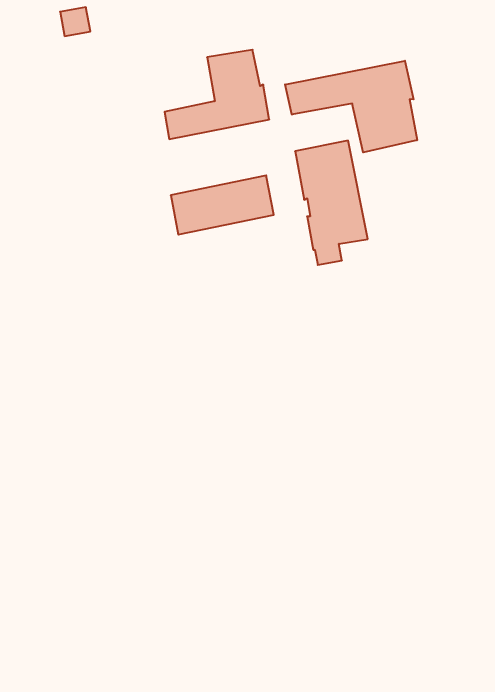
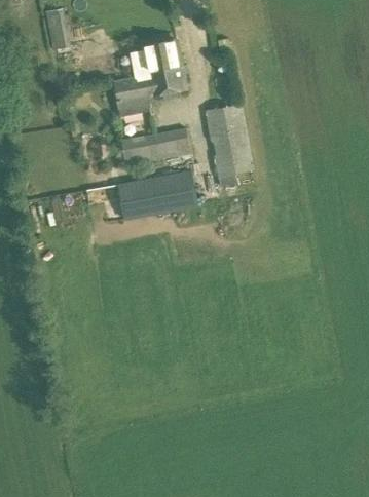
building: [285,61,417,152] -> none
building: none -> [116,169,197,221]

